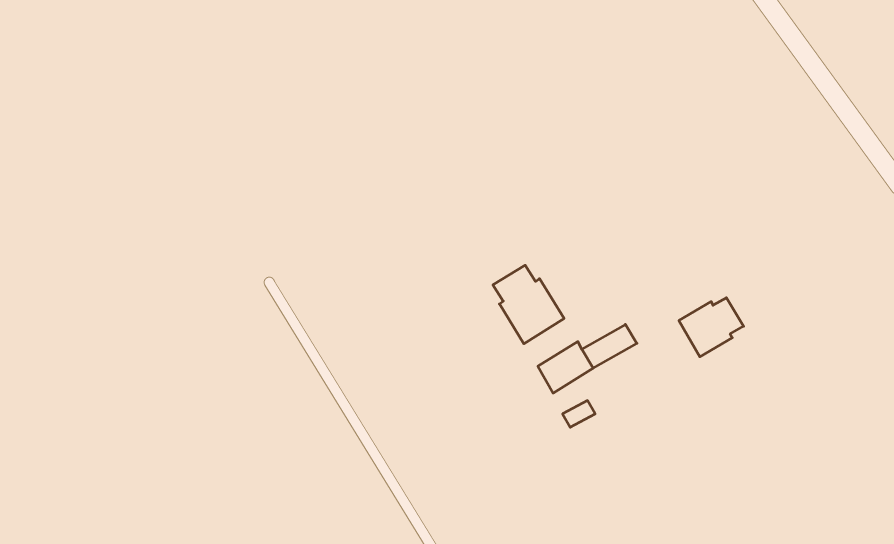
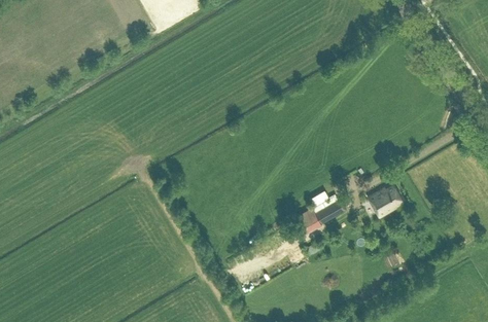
building: [493,265,564,344] -> none

